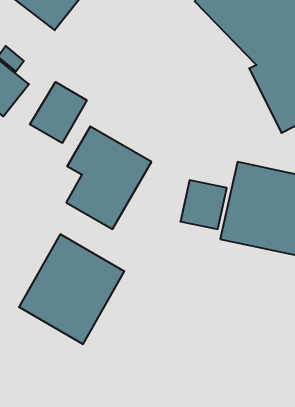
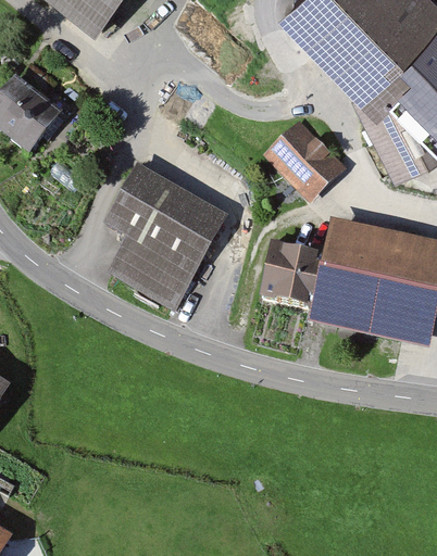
building: [30,82,87,143] -> none
building: none -> [262,119,348,204]
building: [19,234,124,344] -> none

